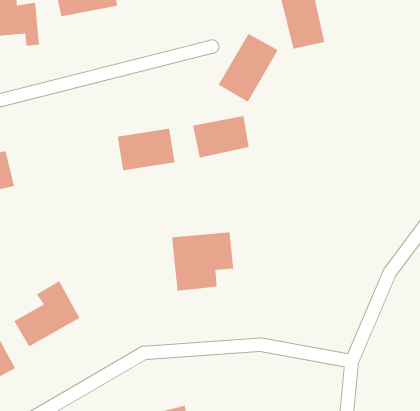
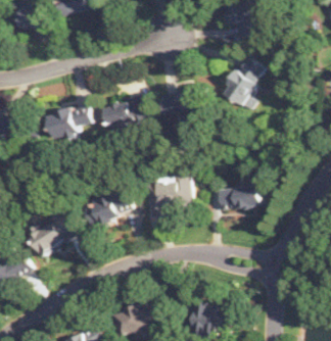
building: [217,33,279,103] -> [217,57,262,108]
building: none -> [45,106,91,139]
building: none -> [214,185,258,214]
building: none -> [86,193,129,224]

